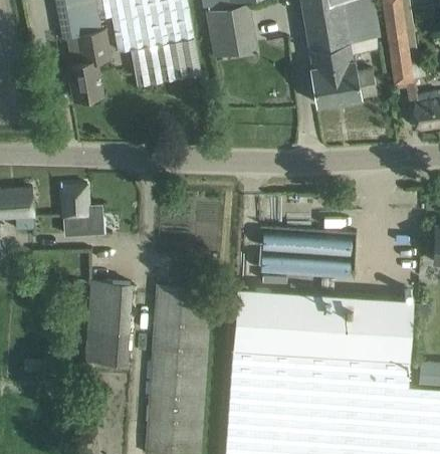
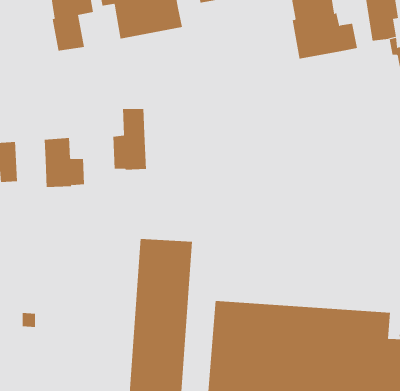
building: none -> [113,108,147,171]
building: [260,236,350,275] -> none
building: [85,281,132,365] -> none
building: [233,288,414,361] -> none

